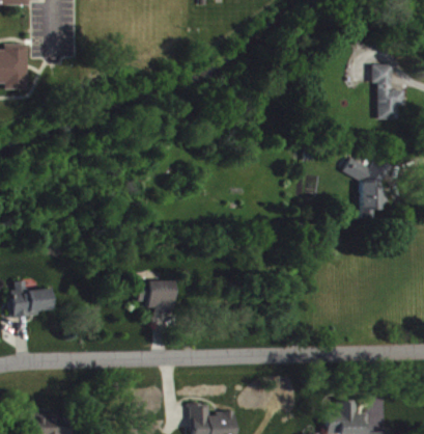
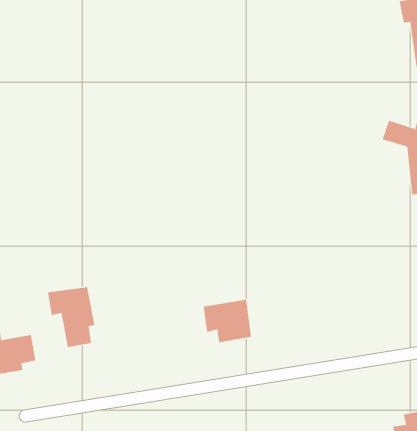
building: none -> [47,287,95,348]
building: [138,280,173,311] -> [203,299,252,343]

